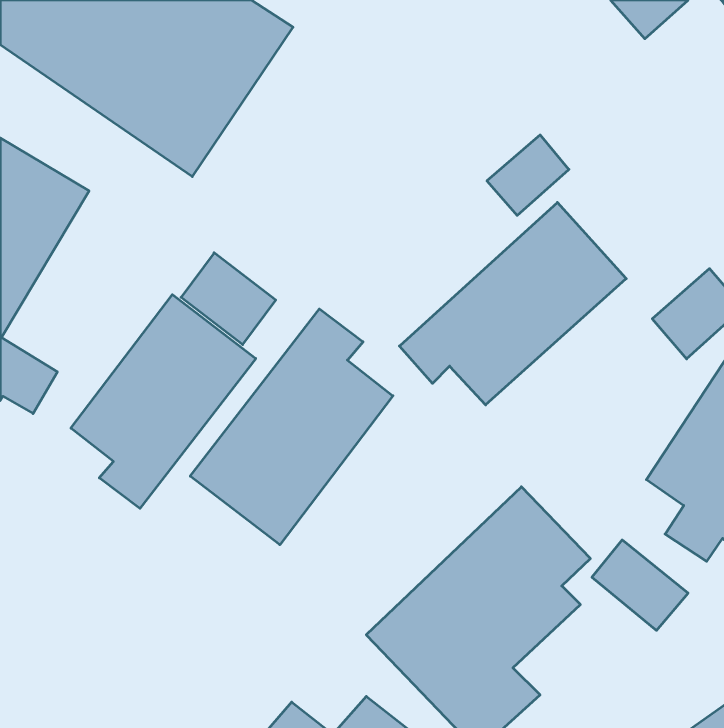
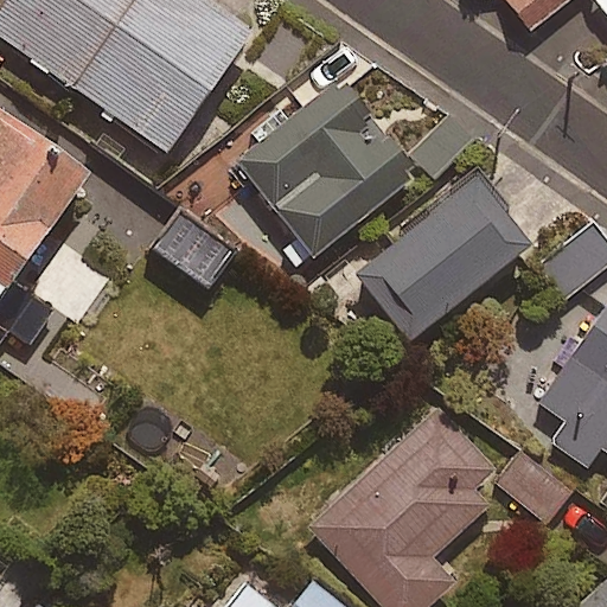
building: none -> [237,78,420,270]
building: [71,295,256,508] -> none
building: [190,309,393,545] -> none

